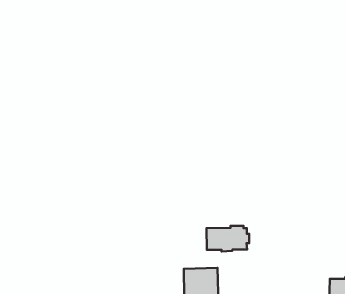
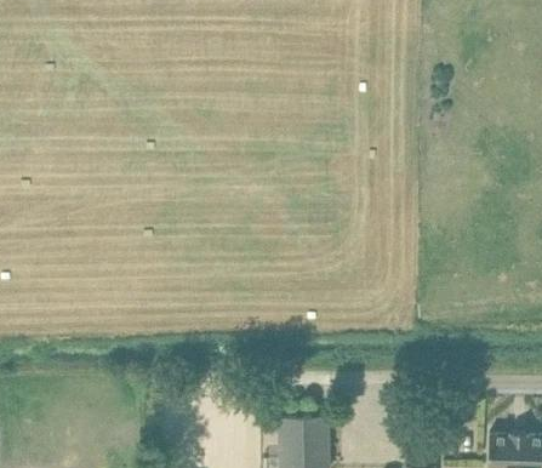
building: [206,226,249,251] -> none

